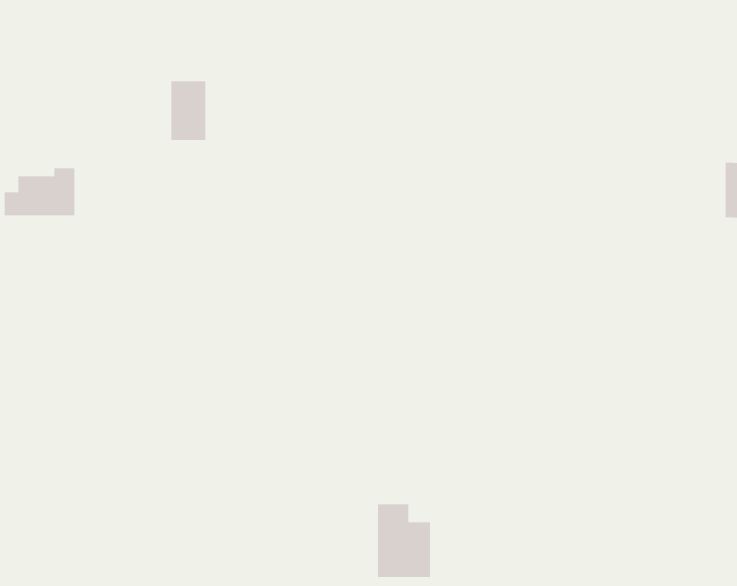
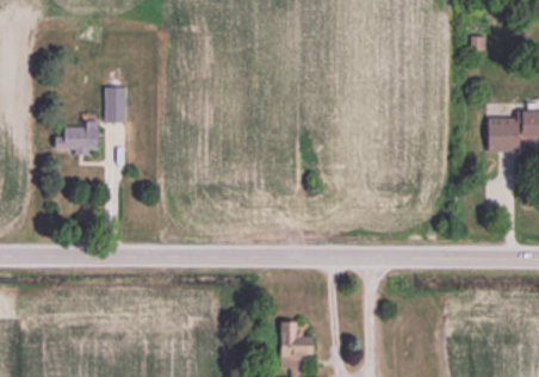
building: [170,81,206,141] -> [105,86,126,122]

